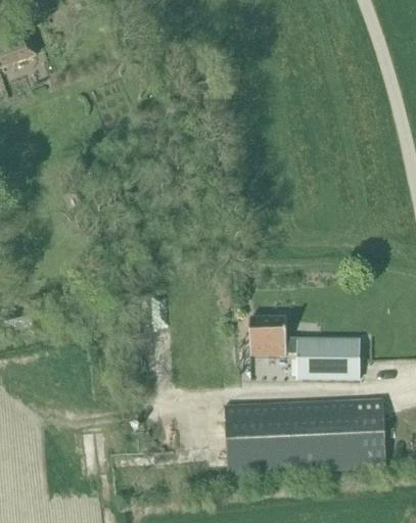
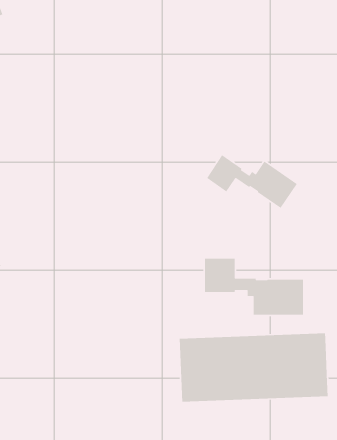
building: none -> [206,154,298,209]

